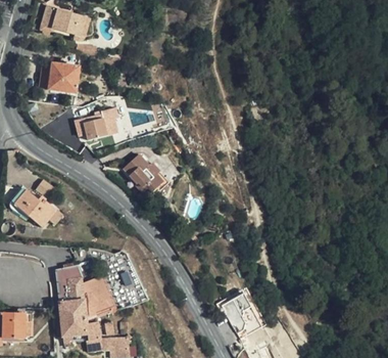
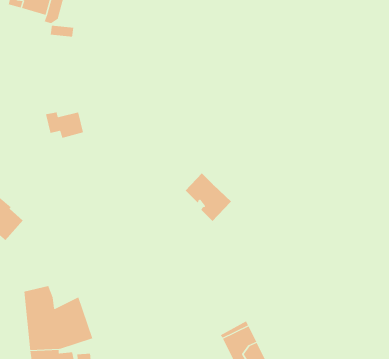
building: [50,63,80,92] -> none
building: [84,106,119,135] -> none
building: [125,153,164,195] -> [185,172,232,222]

